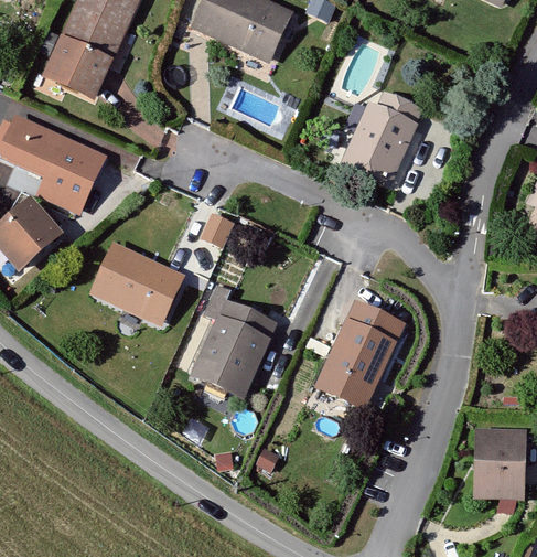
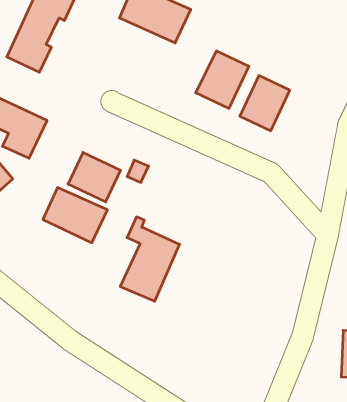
building: none -> [196,51,249,108]
building: none -> [68,152,120,202]
building: [321,306,397,398] -> none

